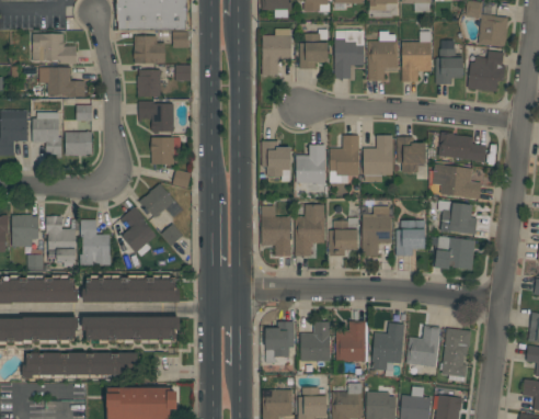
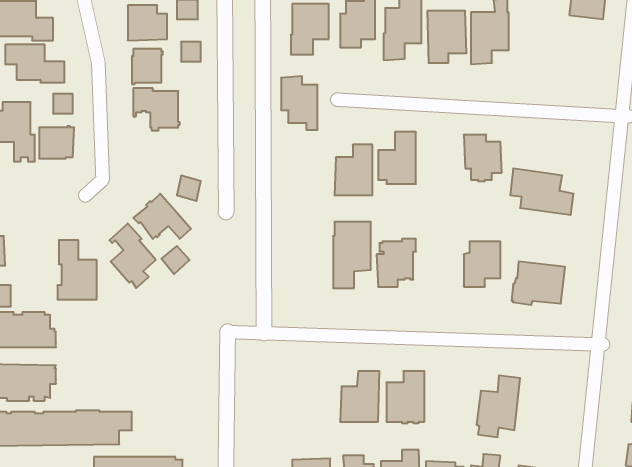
building: [436,42,463,84] -> none
building: [468,50,505,92] -> none
building: [438,132,486,163] -> none
building: [364,135,393,182] -> none
building: [151,137,175,165] -> none
building: [262,140,290,182] -> [281,76,318,130]
building: [438,200,478,237] -> none
building: [262,206,291,256] -> none
building: [362,206,392,256] -> none
building: [47,215,79,268] -> none
building: [83,275,181,303] -> none
building: [82,317,181,344] -> none
building: [265,321,295,363] -> none
building: [371,322,405,377] -> none
building: [441,328,471,382] -> none

